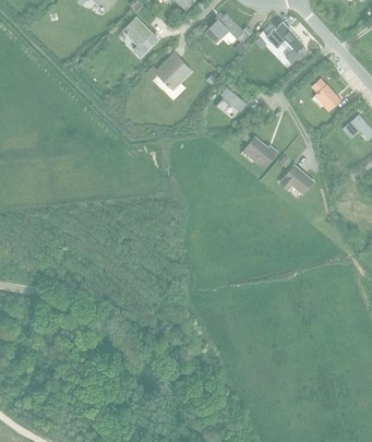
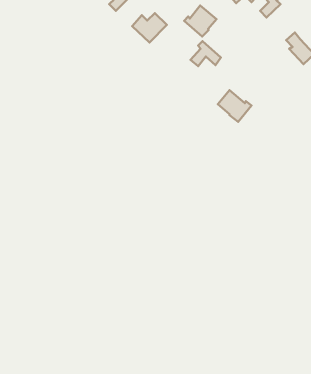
building: none -> [184,6,216,37]
building: [279,164,312,193] -> none

